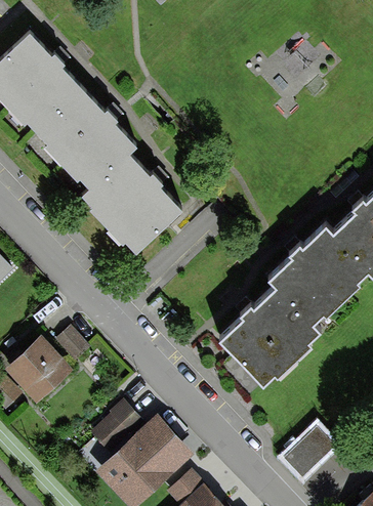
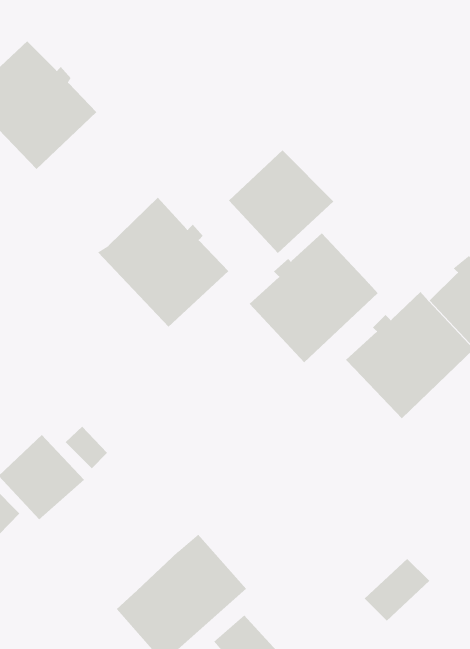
building: [36,90,136,192] -> none
building: none -> [228,150,334,254]
building: [222,286,321,385] -> [249,233,378,363]
building: [94,404,143,454] -> none

